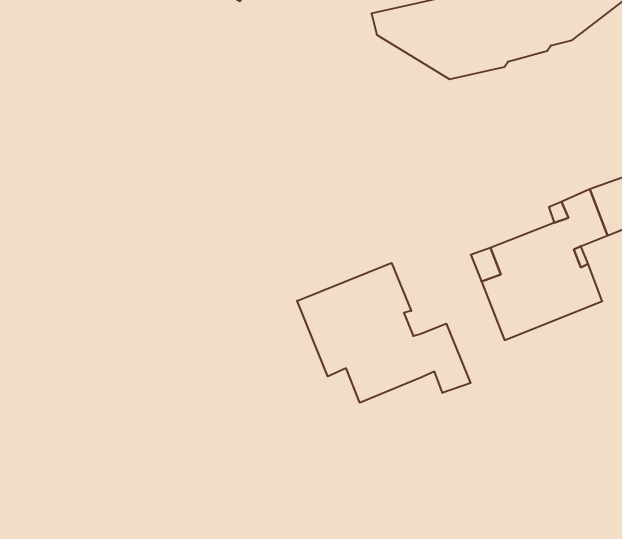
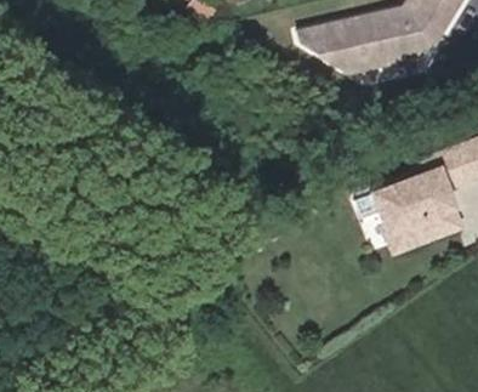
building: [297,263,471,403] -> none

